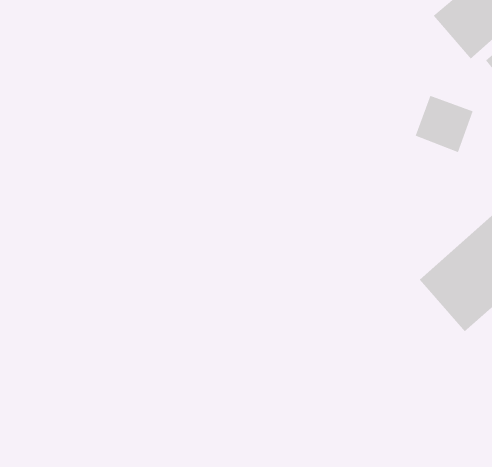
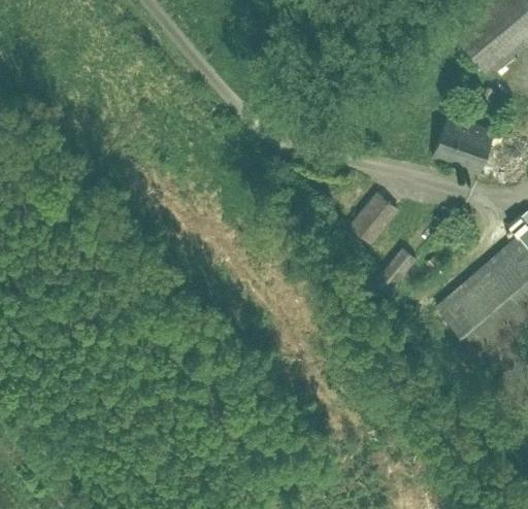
building: none -> [352,194,397,242]
building: none -> [376,248,416,291]

